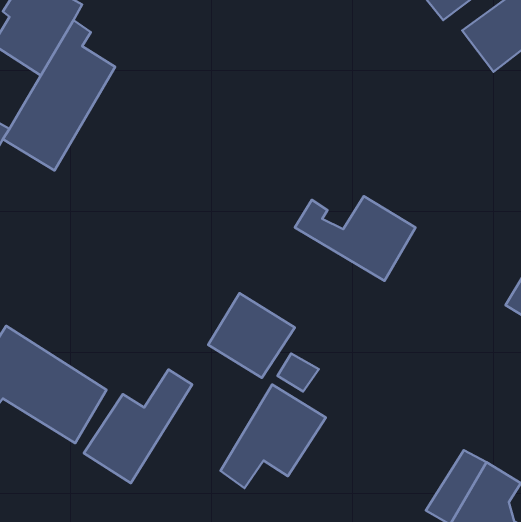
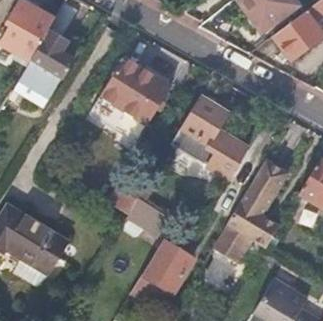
building: none -> [100,58,172,127]
building: none -> [171,97,226,149]
building: none -> [213,158,288,261]
building: [84,369,192,483] -> none

